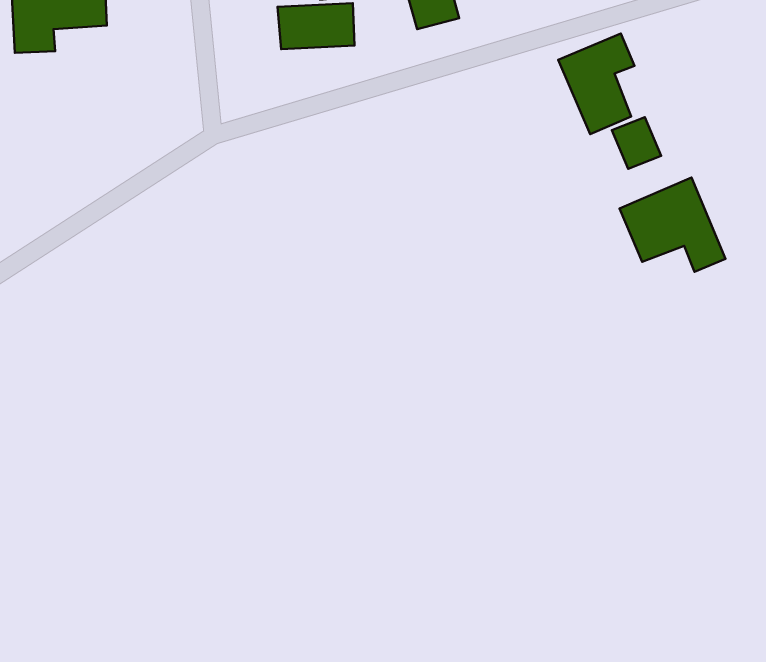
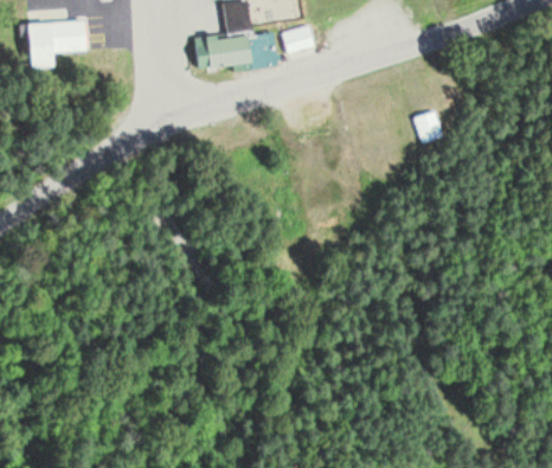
building: [558,34,635,134] -> none
building: [619,177,726,272] -> none

